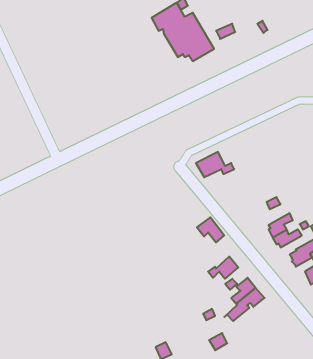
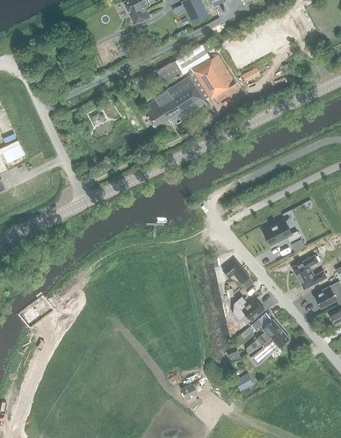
building: none -> [145,77,206,131]
building: [196,152,234,177] -> [262,218,300,244]

